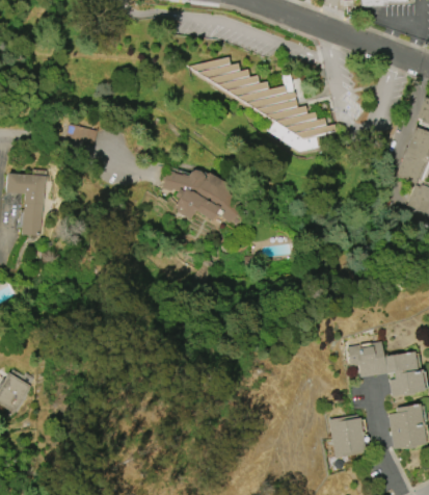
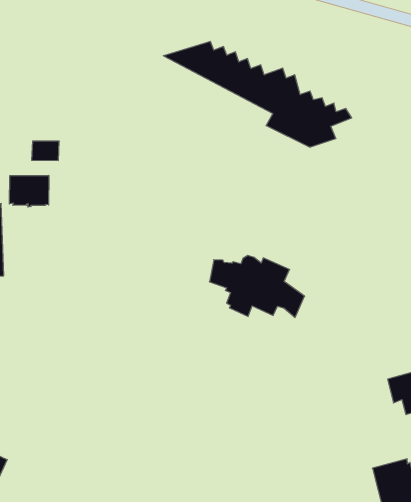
building: none -> [9,175,49,207]
building: [162,170,239,224] -> [209,255,305,317]

